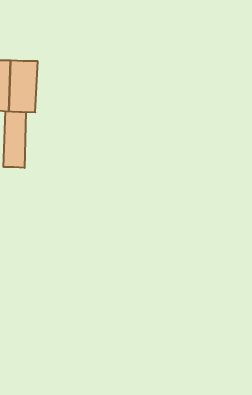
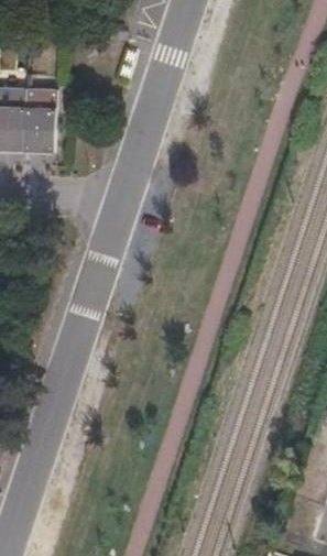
building: [4,111,26,168] -> none

